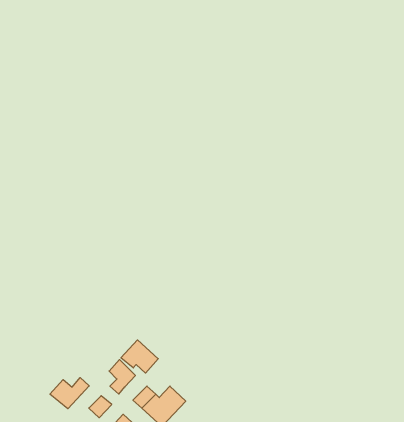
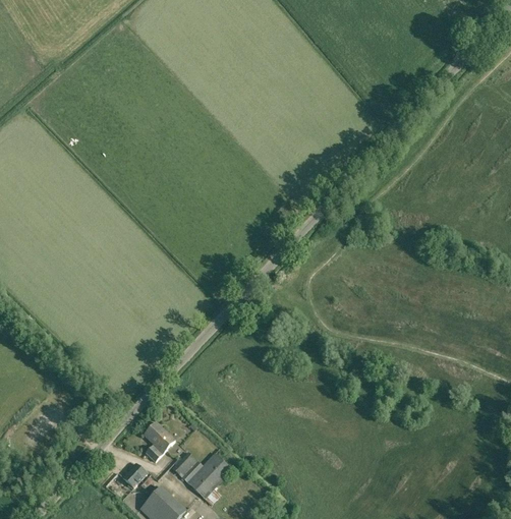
building: [121,340,158,373] -> none
building: [50,378,89,409] -> none

